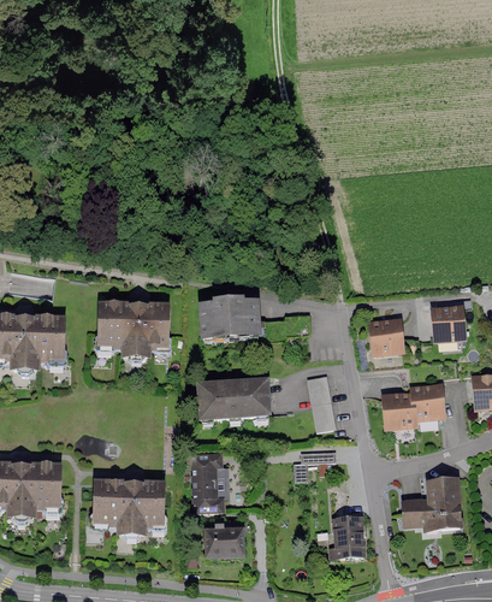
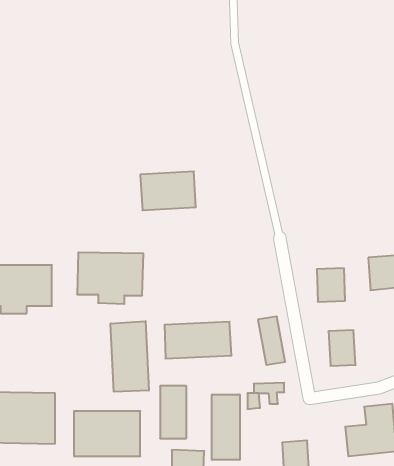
building: [198,297,262,342] -> [140,171,196,210]
building: none -> [111,321,149,392]
building: [413,380,445,421] -> none
building: none -> [212,394,240,460]

